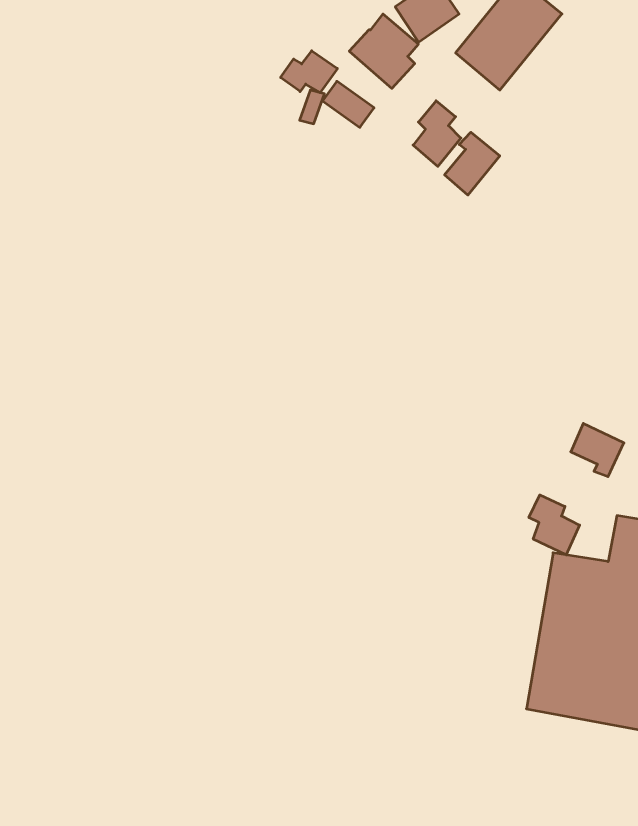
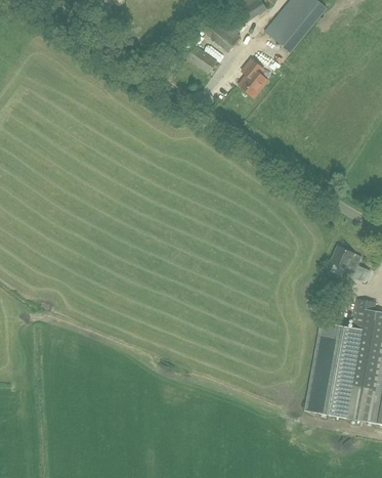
building: [281,51,337,93] -> none
building: [445,132,500,195] -> none
building: [529,495,580,555] -> none

